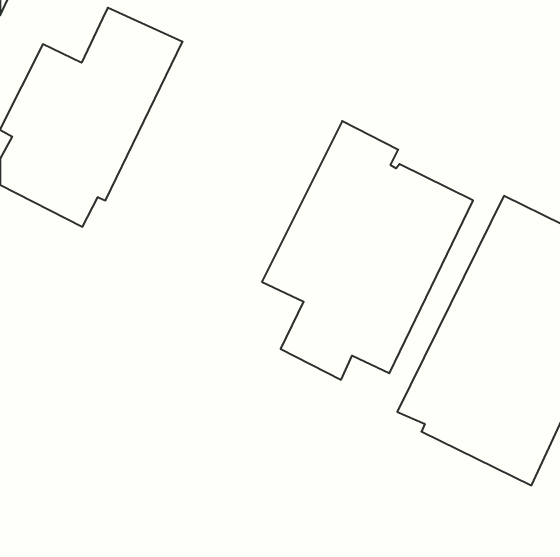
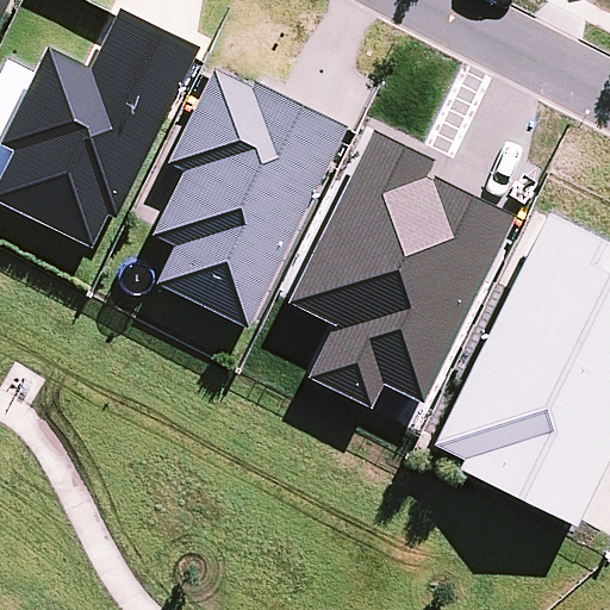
building: none -> [154,67,349,325]

